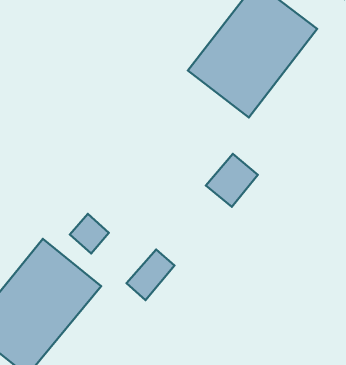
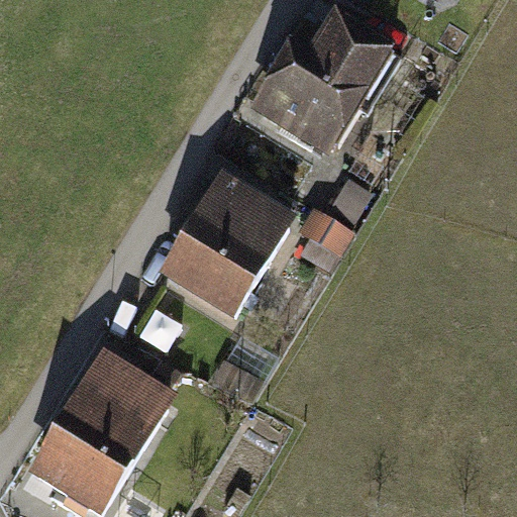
building: none -> [157,169,298,329]

